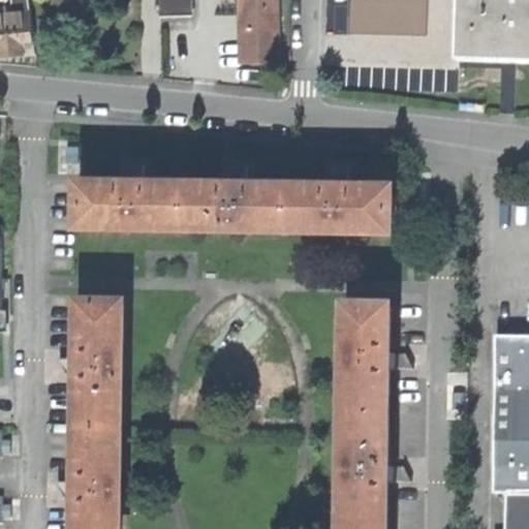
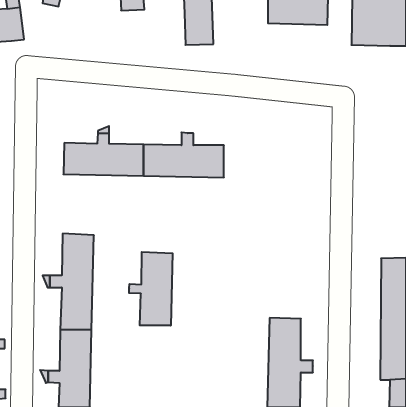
building: [288,172,391,228] -> none
building: [347,306,404,410] -> none
building: none -> [129,252,173,326]

